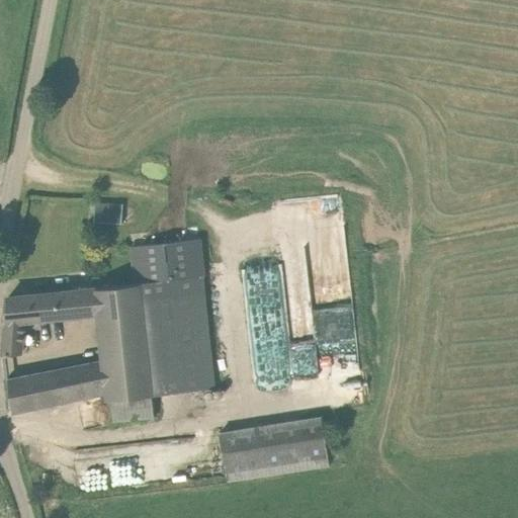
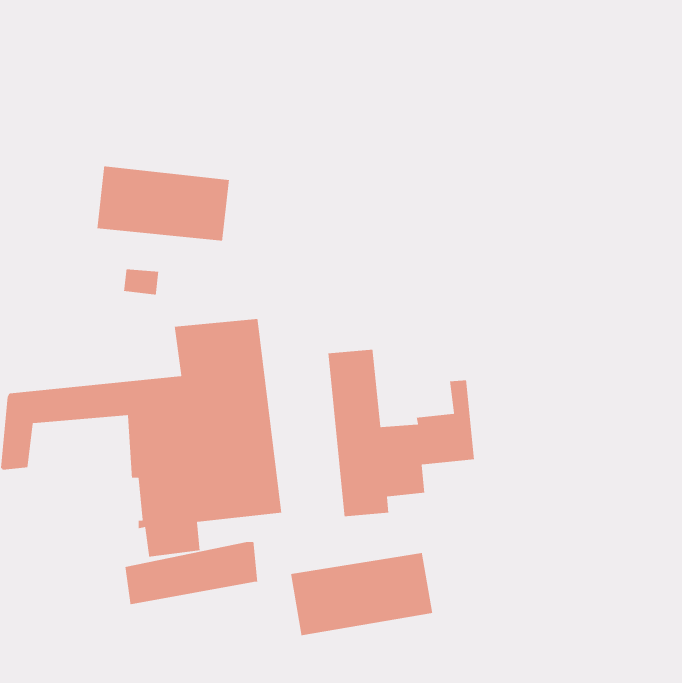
building: none -> [97,166,230,241]
building: [6,362,107,411] -> [124,541,258,605]

